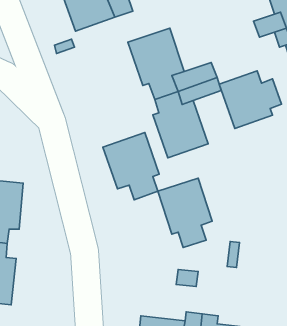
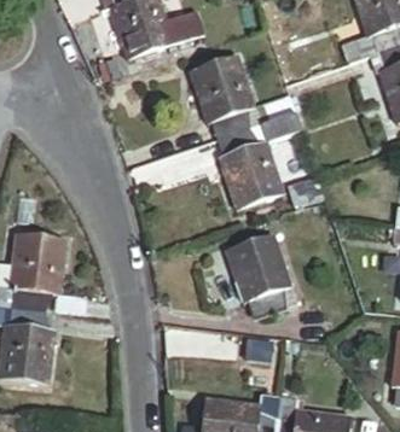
building: [219,71,281,128] -> none
building: [103,133,159,200] -> none

